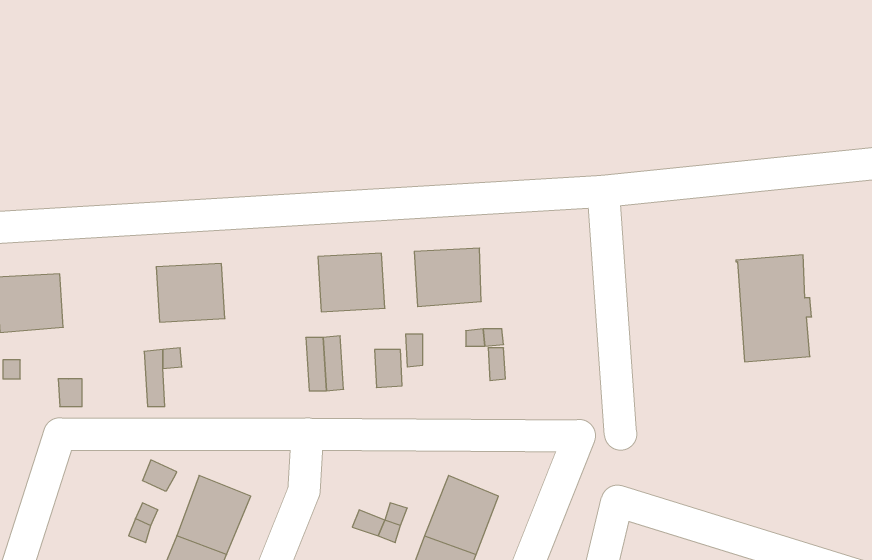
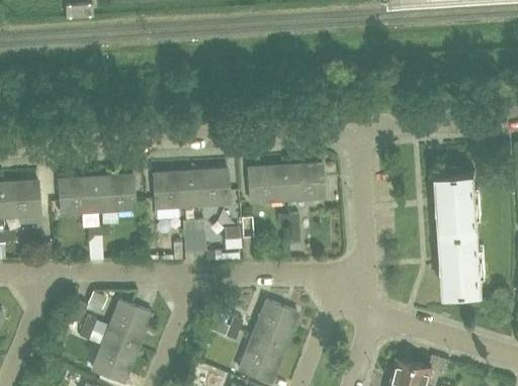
building: none -> [285,165,325,198]
building: none -> [153,172,192,207]
building: none -> [58,178,97,212]
building: none -> [441,230,484,292]

